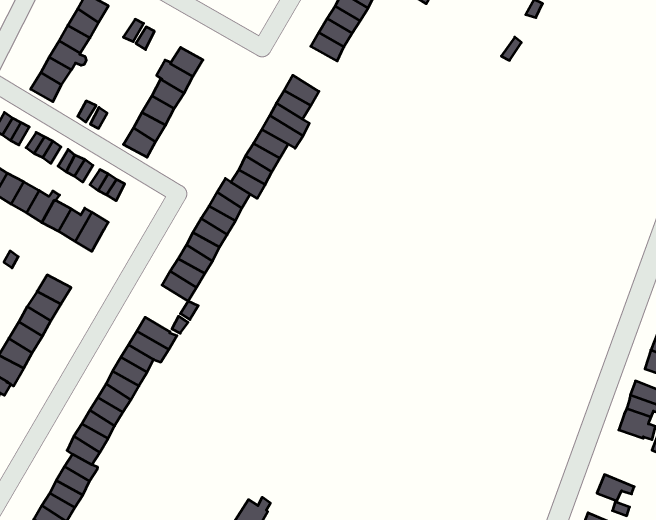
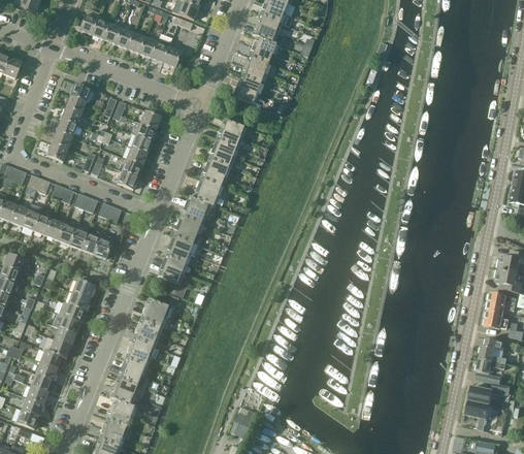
building: none -> [480,337,507,362]

